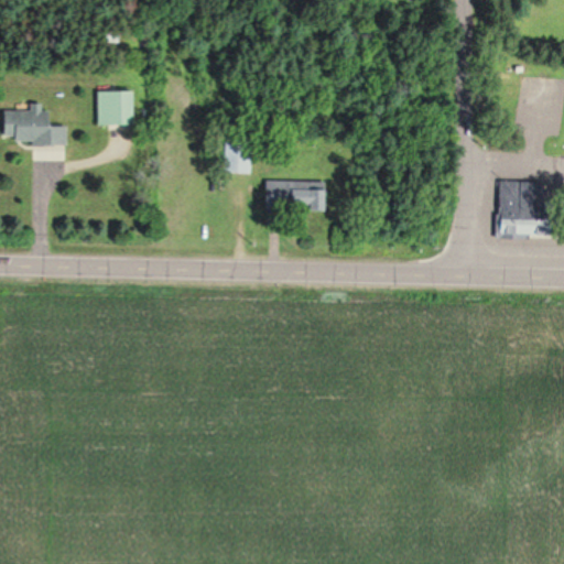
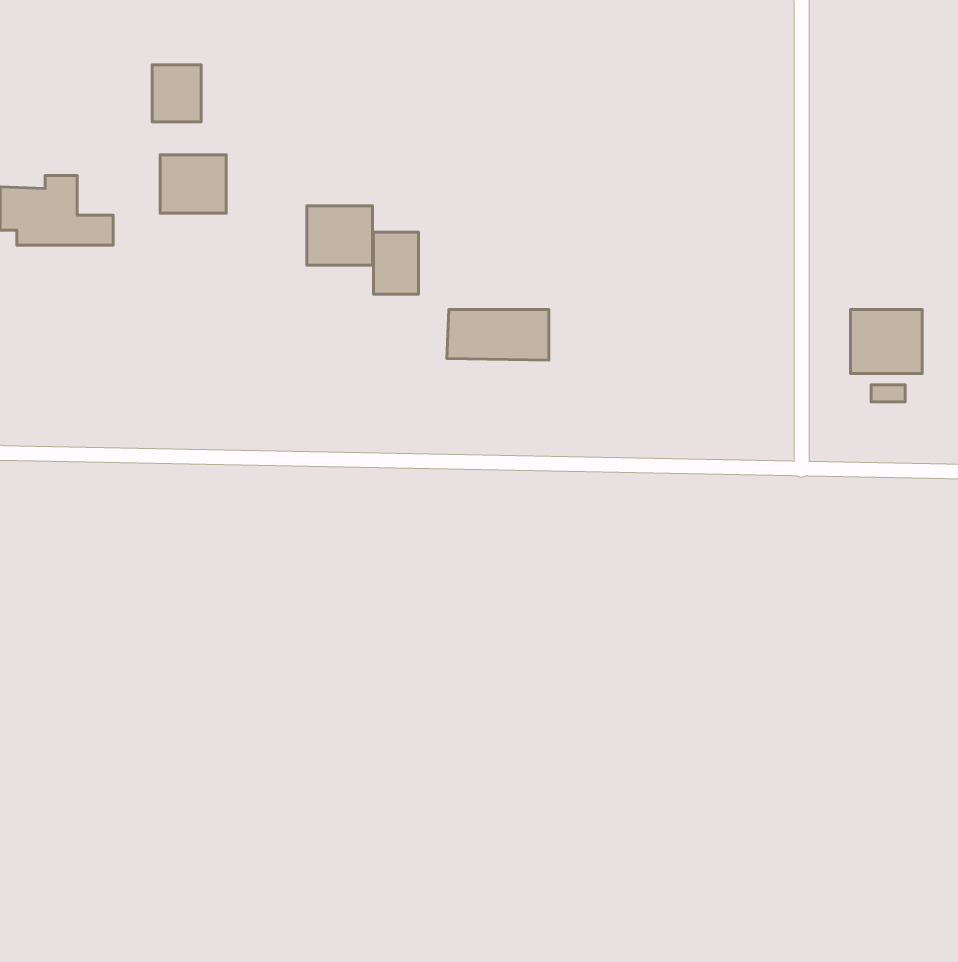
building: none -> [152,65,201,122]
building: none -> [307,206,373,265]

